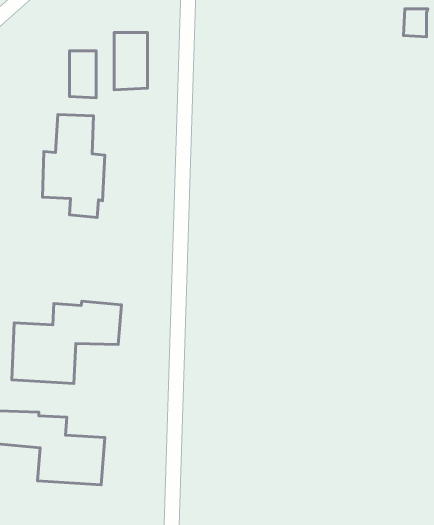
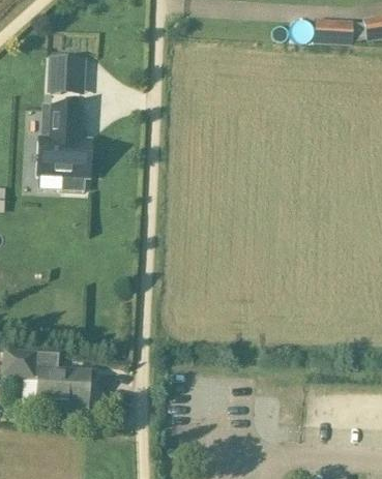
building: [114,32,148,90] -> none
building: [12,301,121,383] -> none

